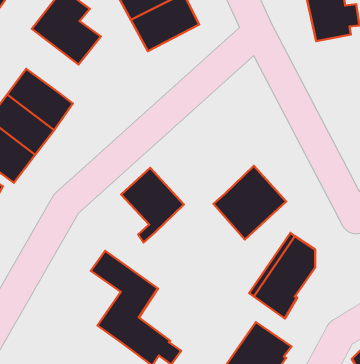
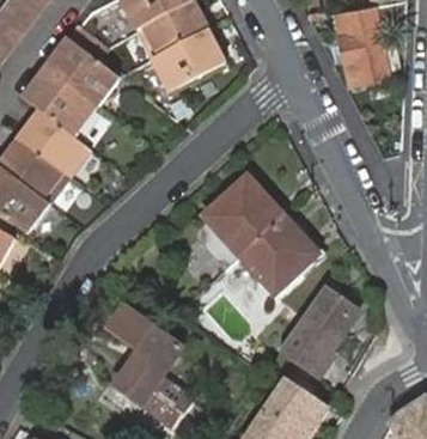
building: none -> [23,69,96,138]
building: [121,168,184,242] -> [216,177,283,257]

